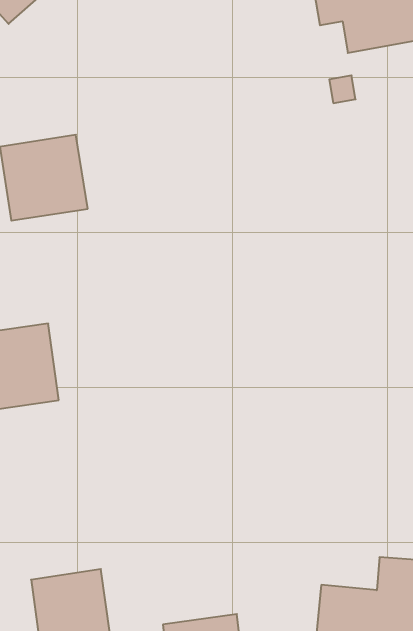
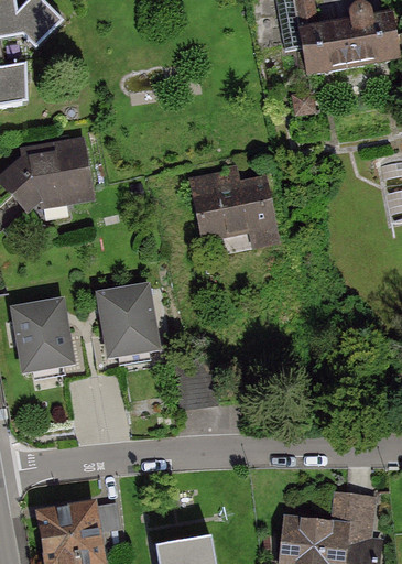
building: none -> [202,170,281,241]
building: none -> [90,283,153,357]

